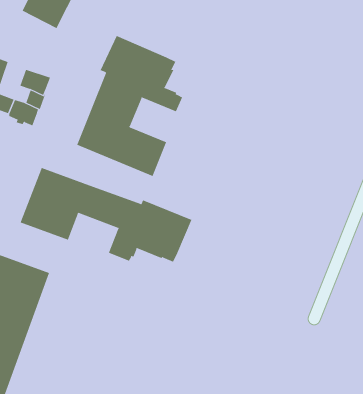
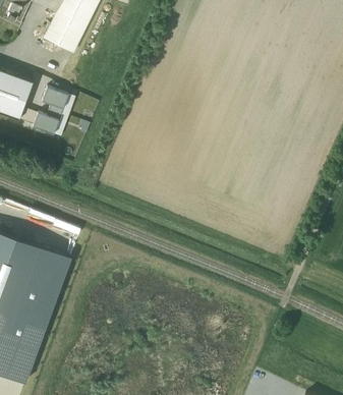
building: [76,35,183,177] -> none
building: [20,167,192,262] -> none

